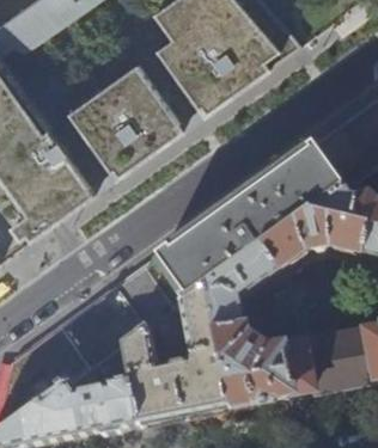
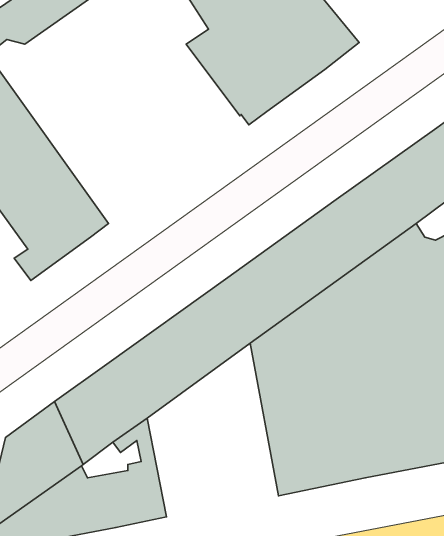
building: [69,62,182,176] -> none
building: [124,288,230,426] -> none

